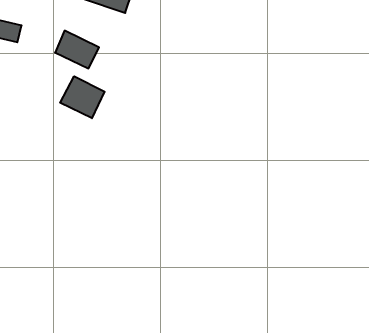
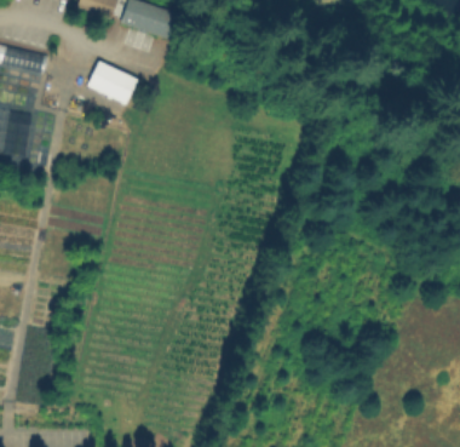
building: [60,76,105,118] -> none

